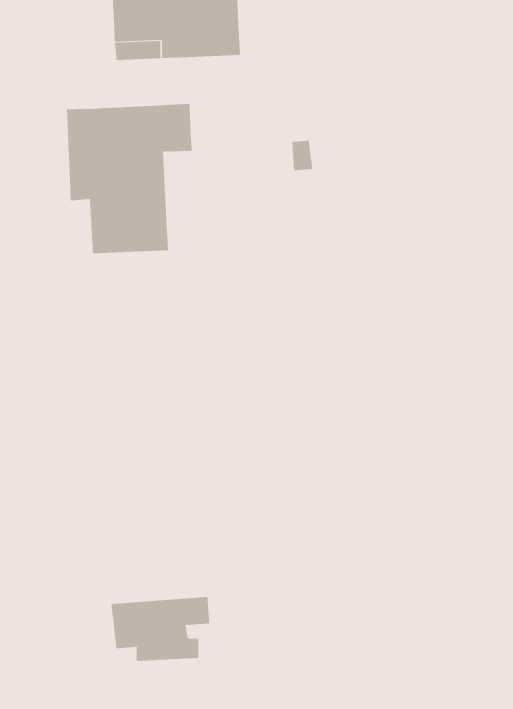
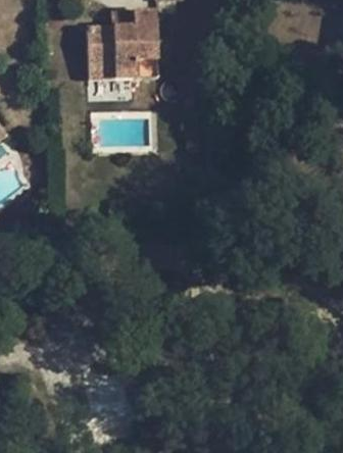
building: [66,103,192,254] -> none

